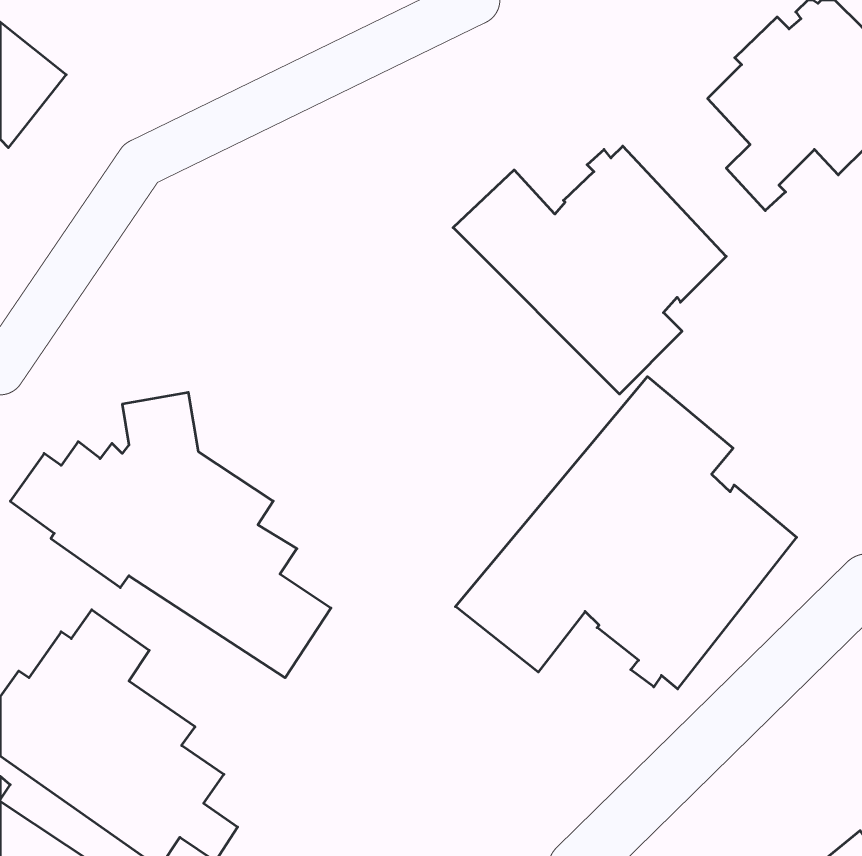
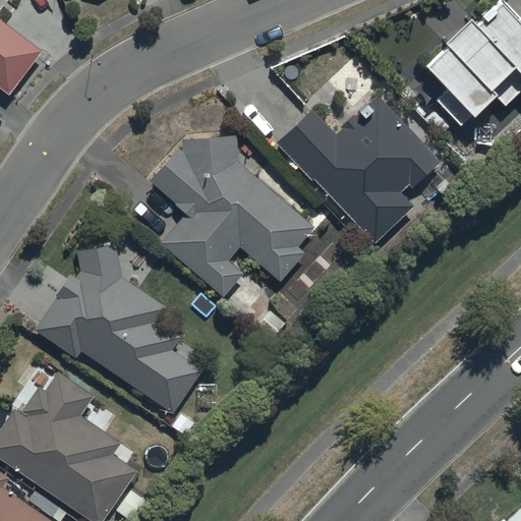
building: none -> [150,136,313,296]
building: [455,377,797,689] -> none

